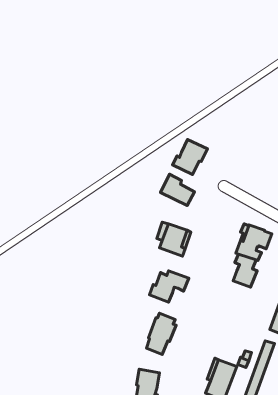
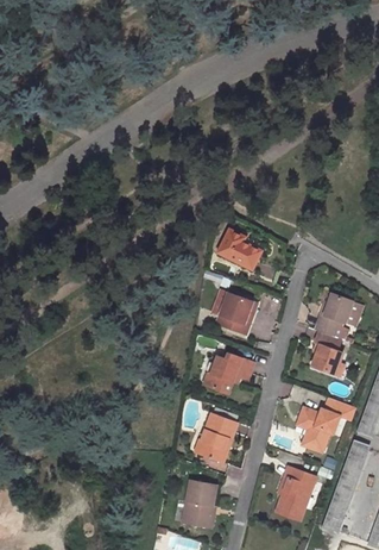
building: [173,139,207,174] -> none
building: none -> [295,396,356,452]

